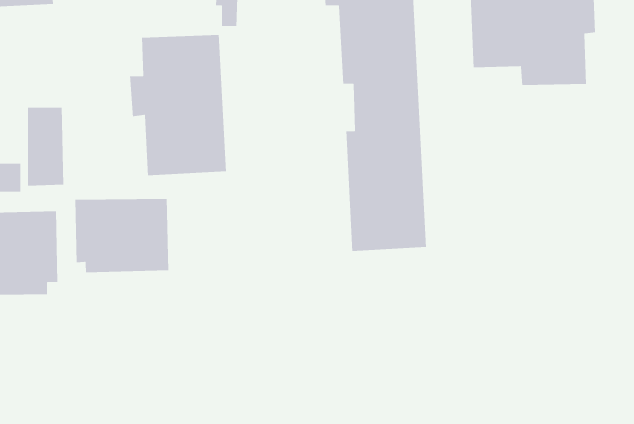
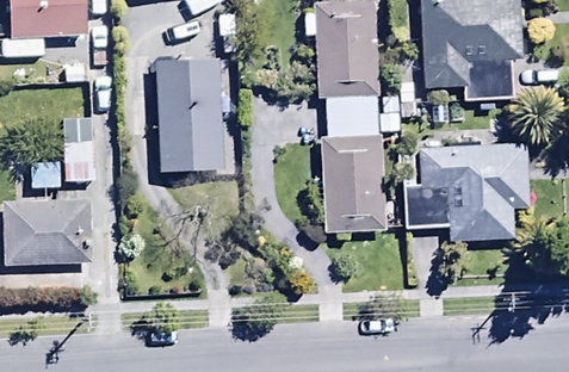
building: none -> [404,143,530,240]
building: [75,198,169,273] -> none

